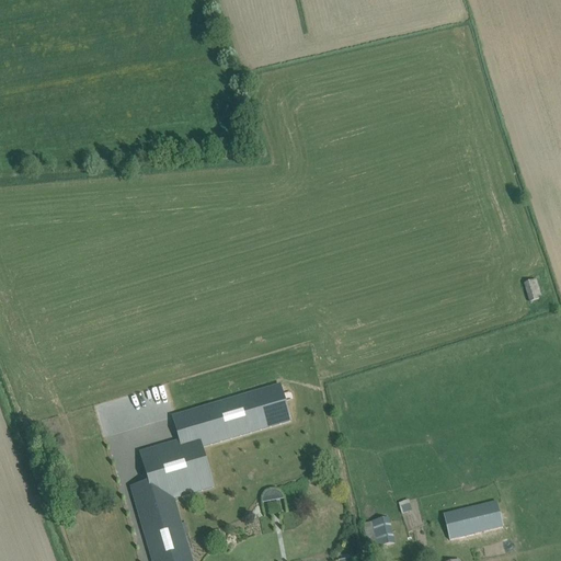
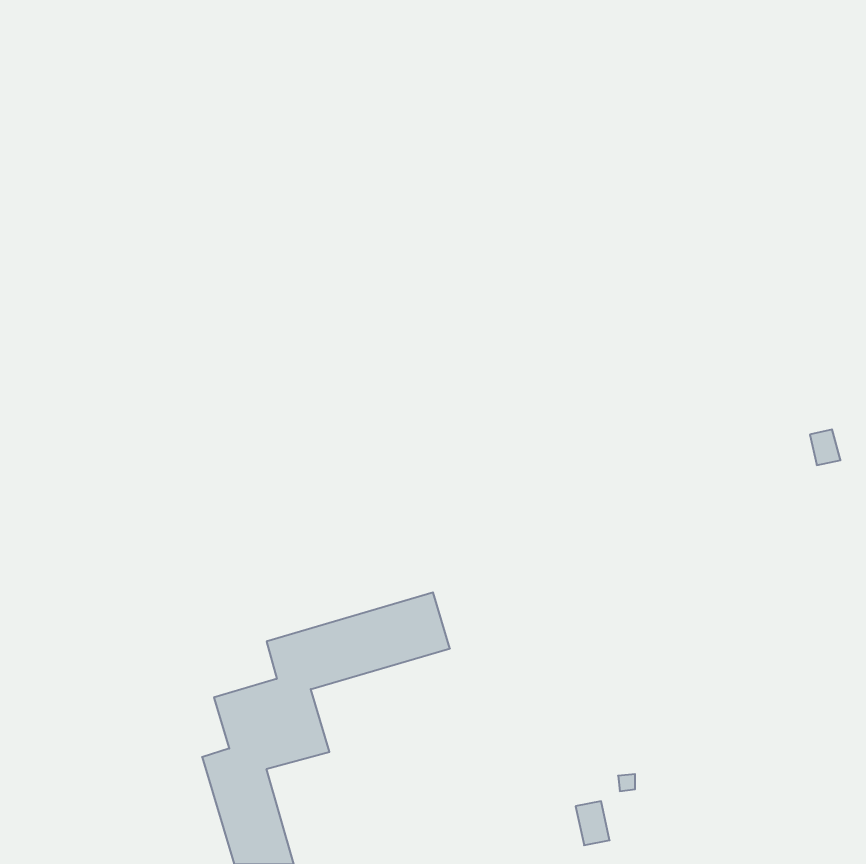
building: [443,501,502,539] -> none

